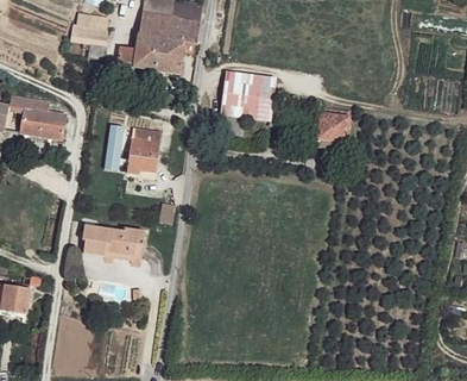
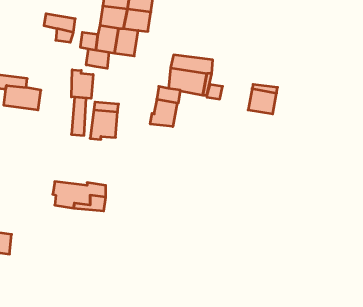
building: none -> [86,49,109,68]
building: none -> [71,70,93,98]
building: none -> [150,99,177,127]

